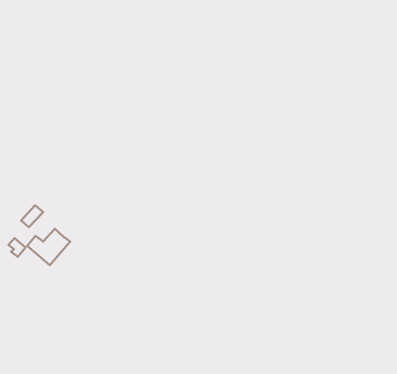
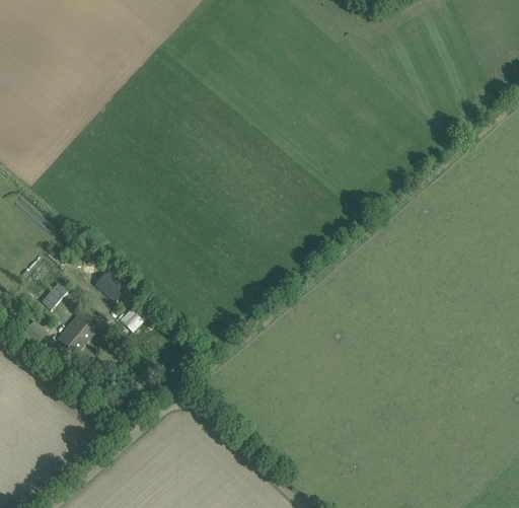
building: none -> [95,272,126,301]

